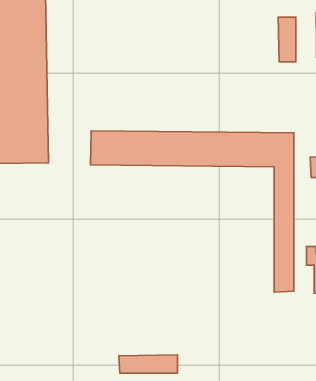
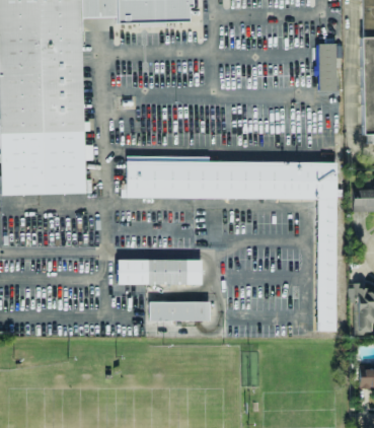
building: none -> [120,261,205,285]
building: [119,355,177,373] -> [151,300,212,319]

